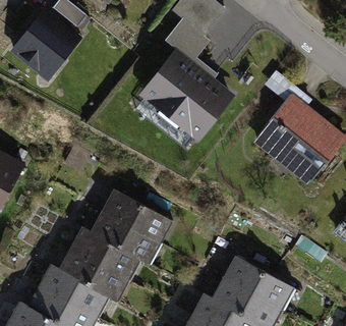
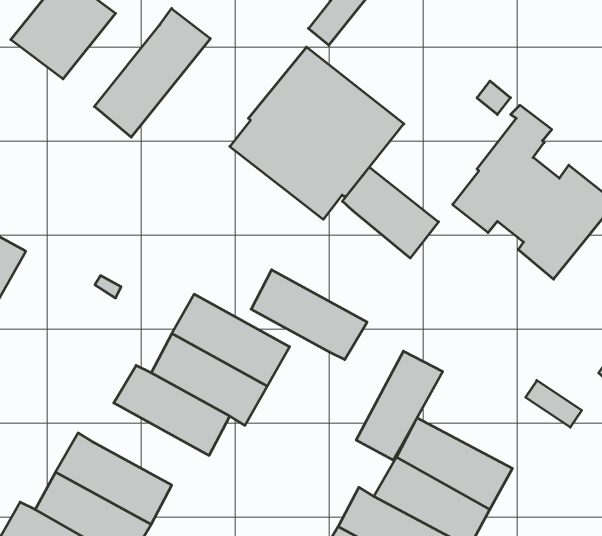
building: none -> [94,8,210,137]
building: none -> [342,167,439,258]
building: none -> [356,351,443,460]
building: [61,249,124,297] -> [251,270,367,360]

